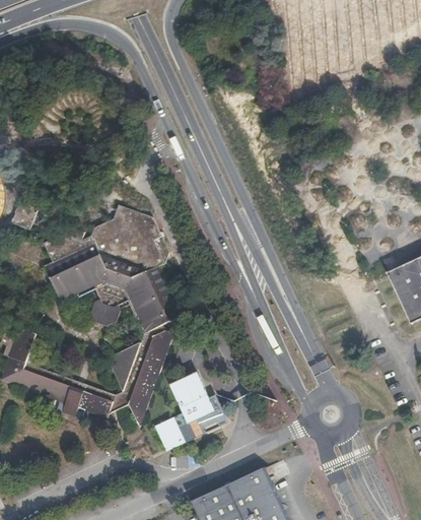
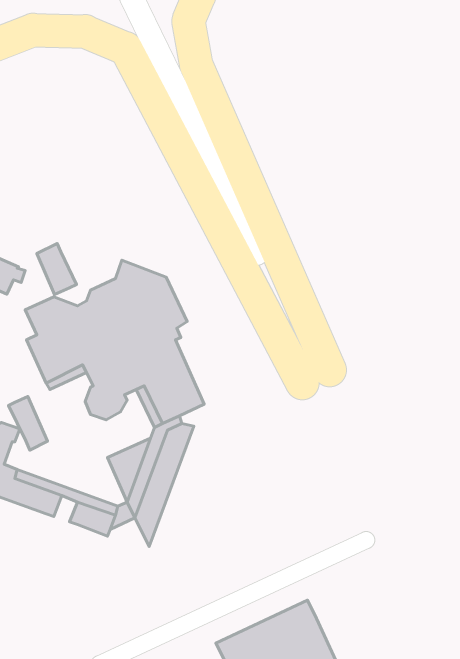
building: none -> [37,243,76,295]
building: none -> [9,396,48,450]
building: [155,374,221,448] -> none

